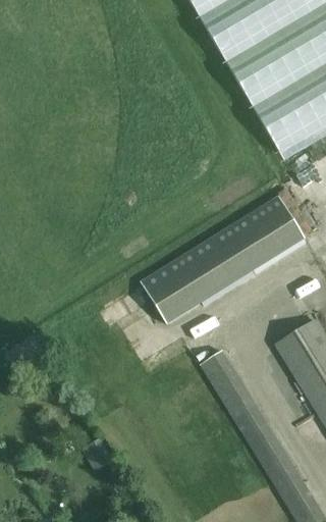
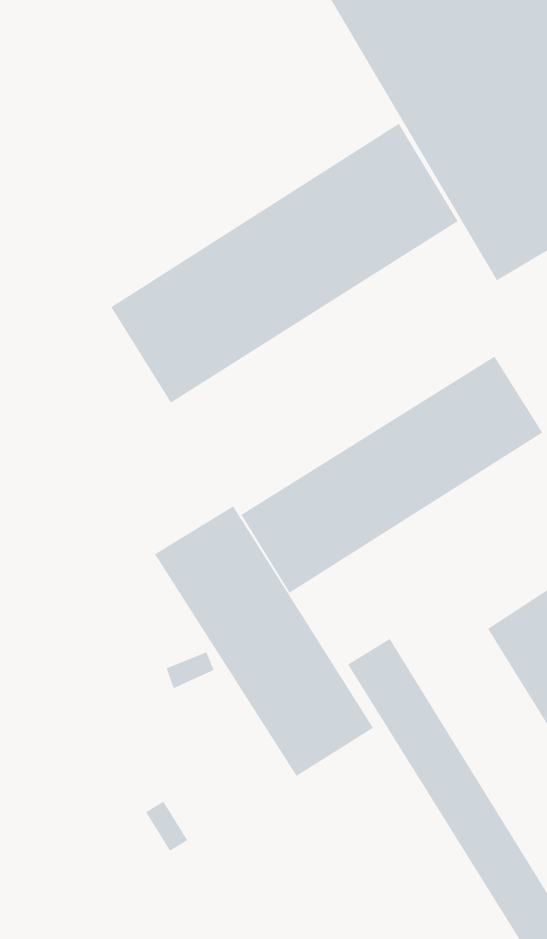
building: none -> [110,123,459,403]
building: none -> [154,506,374,777]

